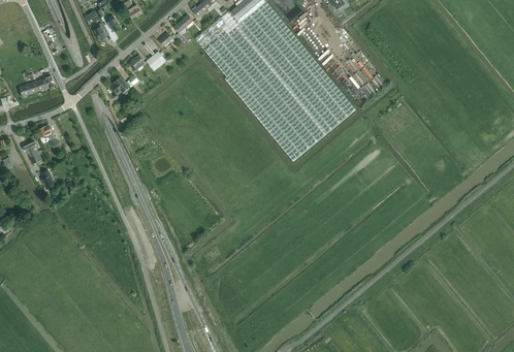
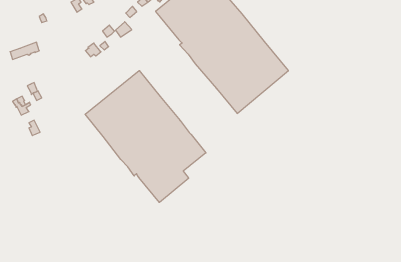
building: none -> [85,71,206,202]

